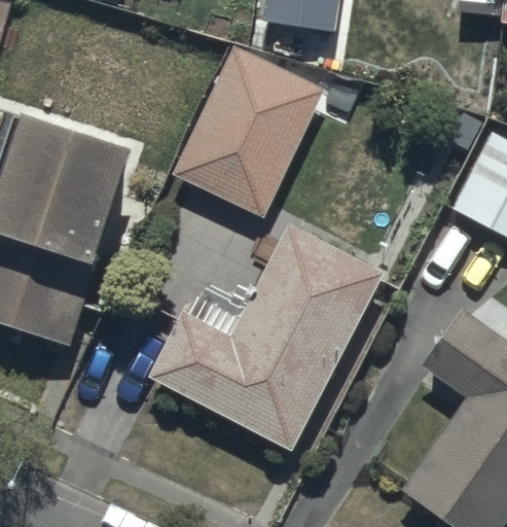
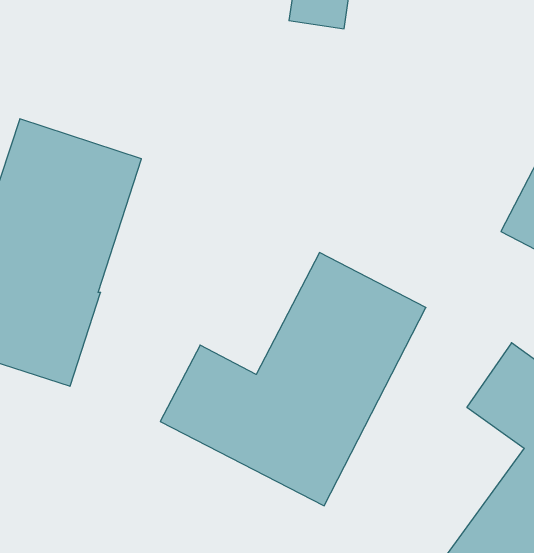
building: [173,44,327,218] -> none

